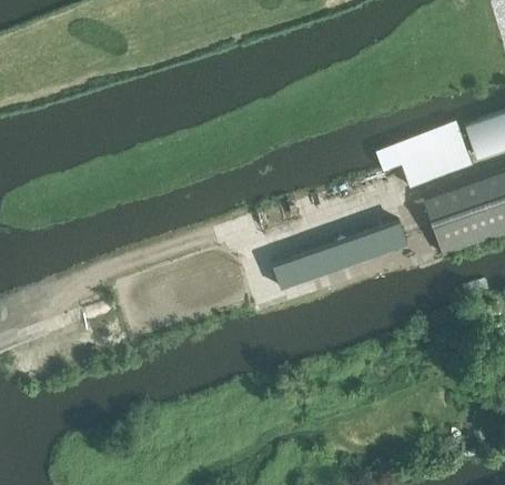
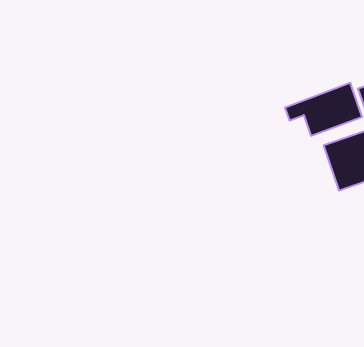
building: [271,220,407,291] -> none

